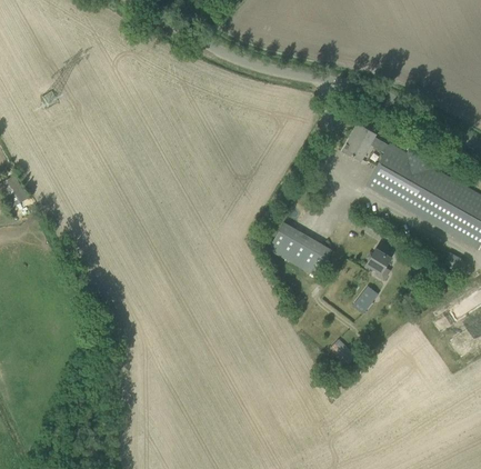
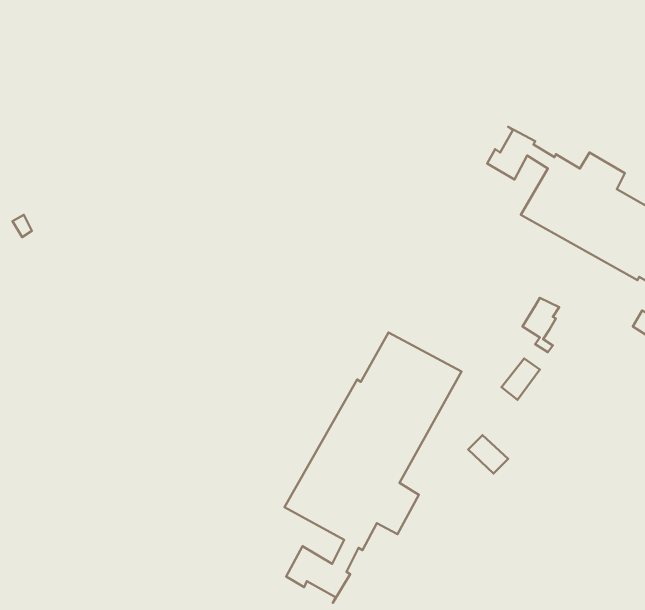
building: [270,221,332,273] -> none
building: none -> [284,332,461,603]

